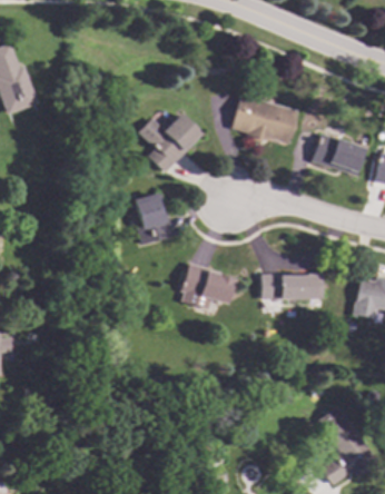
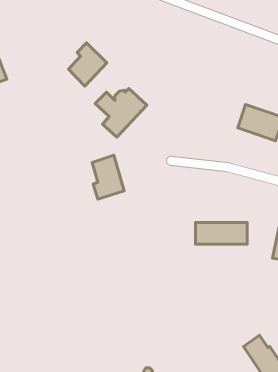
building: none -> [68,43,107,86]
building: [233,95,298,145] -> none
building: [184,264,236,310] -> none

